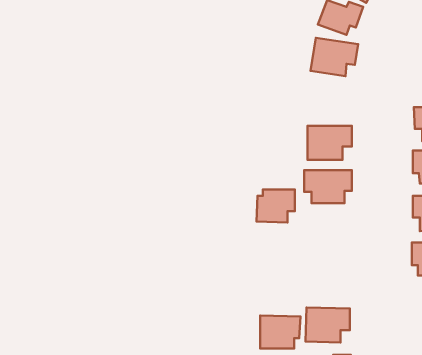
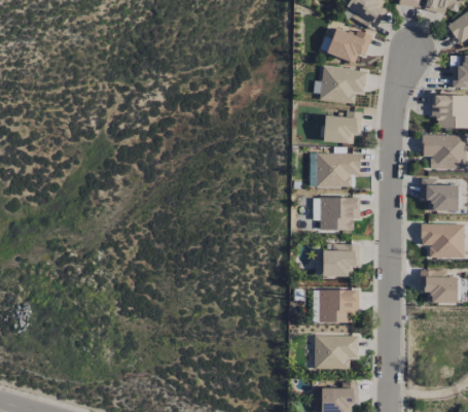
building: none -> [323,111,361,143]
building: [257,190,295,223] -> [321,244,359,277]
building: [260,315,300,348] -> [319,289,359,322]

